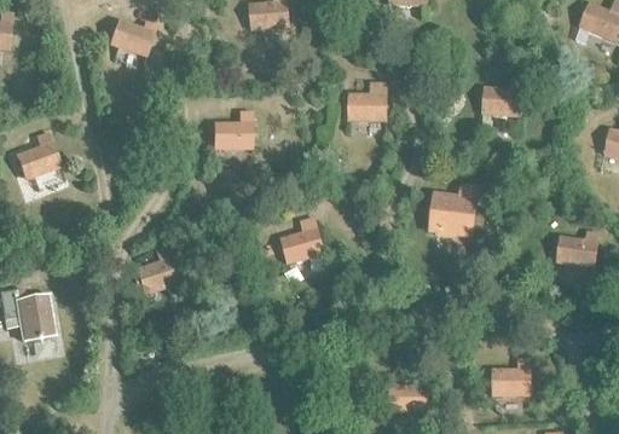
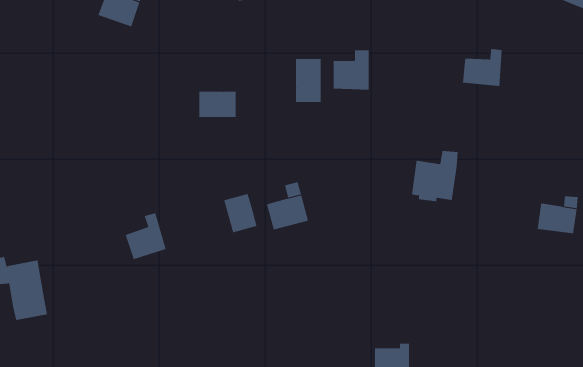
building: none -> [296,58,321,103]
building: [17,129,62,181] -> none
building: none -> [224,193,257,233]
building: [494,363,531,390] -> none

